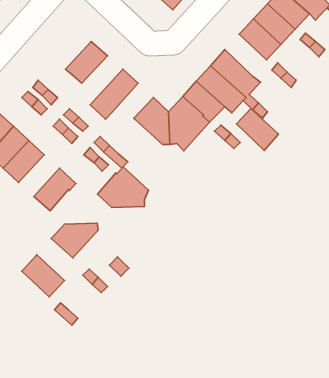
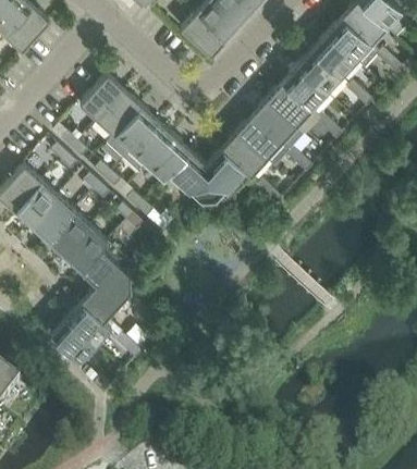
building: none -> [79,75,123,120]
building: none -> [106,106,157,158]
building: none -> [146,135,189,181]
building: [237,108,278,150] -> [266,83,310,127]
building: none -> [46,211,89,256]
building: [98,167,149,208] -> [79,242,134,285]
building: none -> [65,300,111,345]

